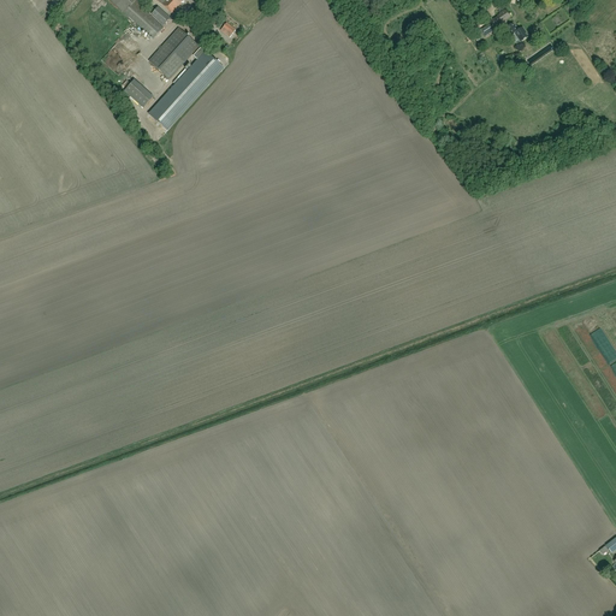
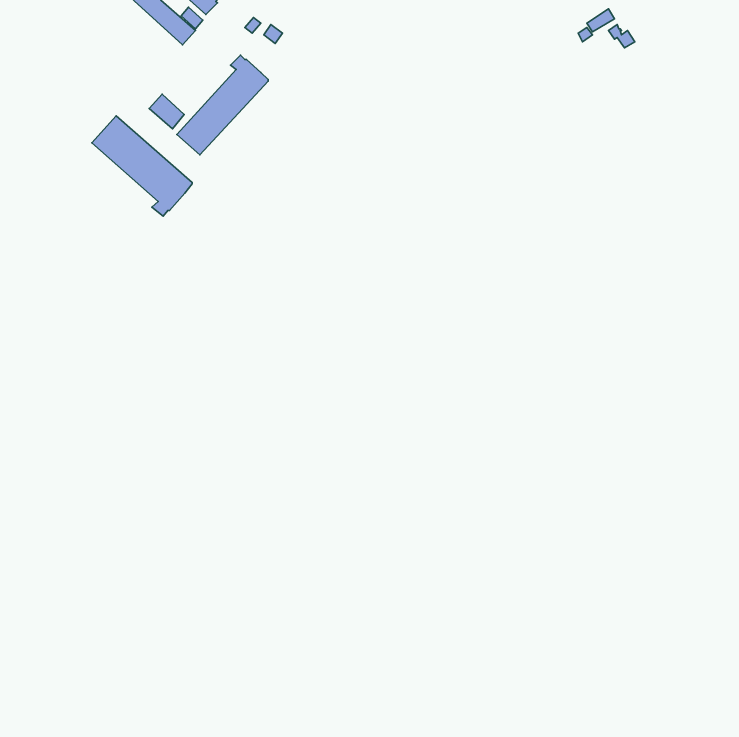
building: [148,26,197,77] -> none
building: none -> [92,116,192,216]

